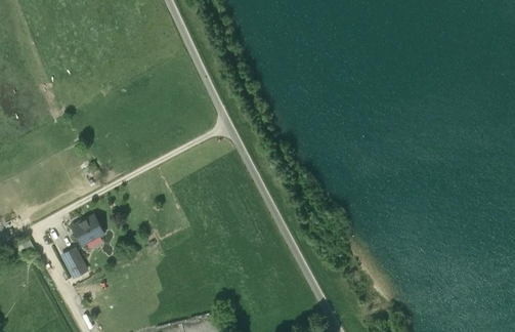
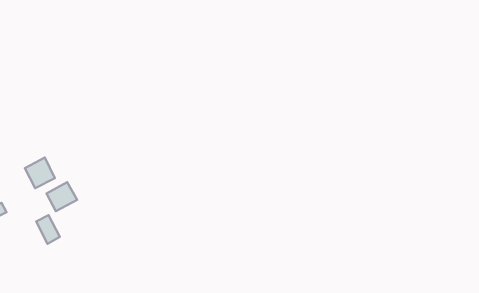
building: none -> [25,157,55,188]

